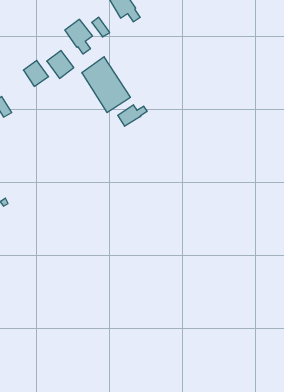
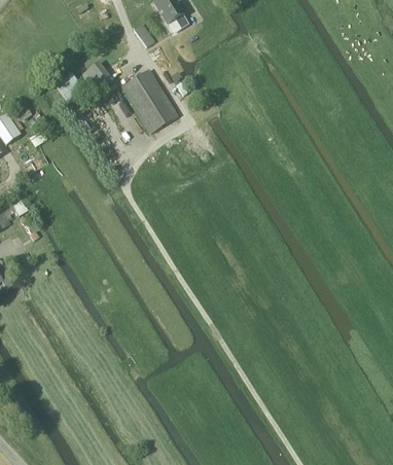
building: [65,19,92,54] -> none
building: [118,105,147,126] -> none

